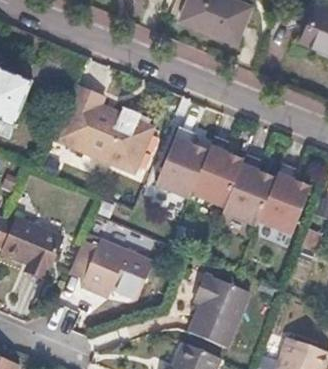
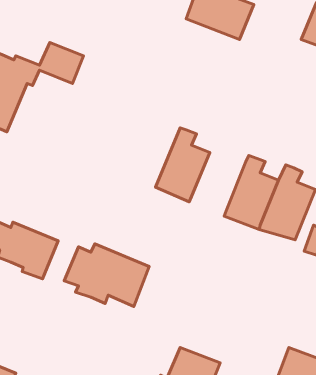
building: [54,85,156,178] -> none
building: [191,135,244,207] -> none
building: [189,273,250,347] -> none

